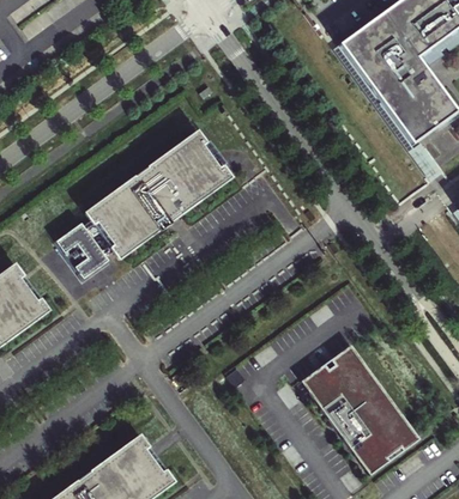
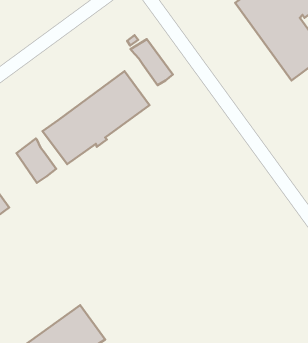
building: none -> [131,39,173,85]
building: [309,341,421,464] -> none

